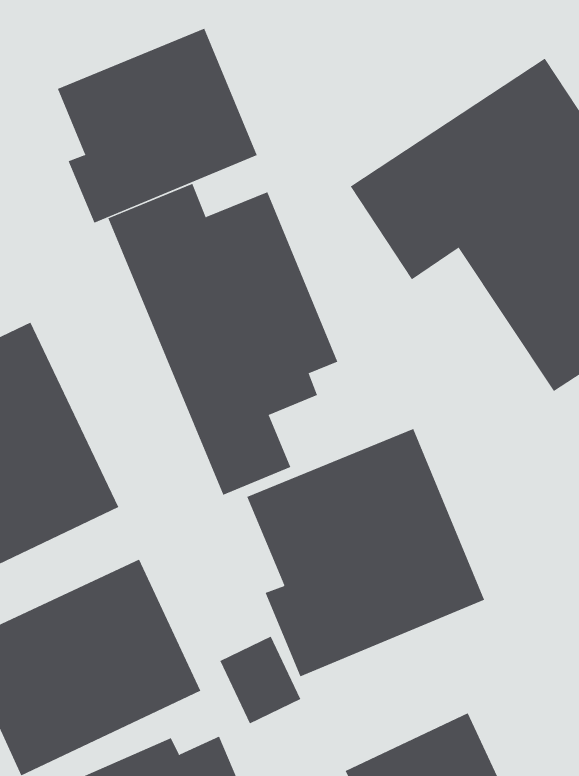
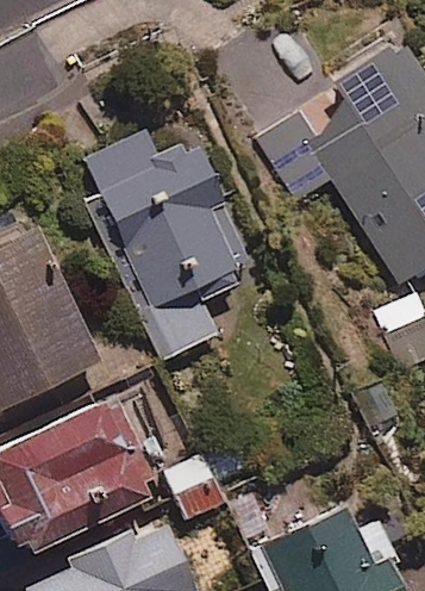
building: [57,28,257,224] -> none
building: [247,428,485,677] -> none

